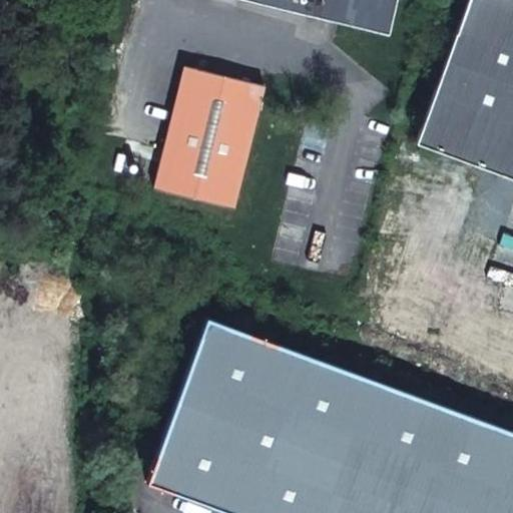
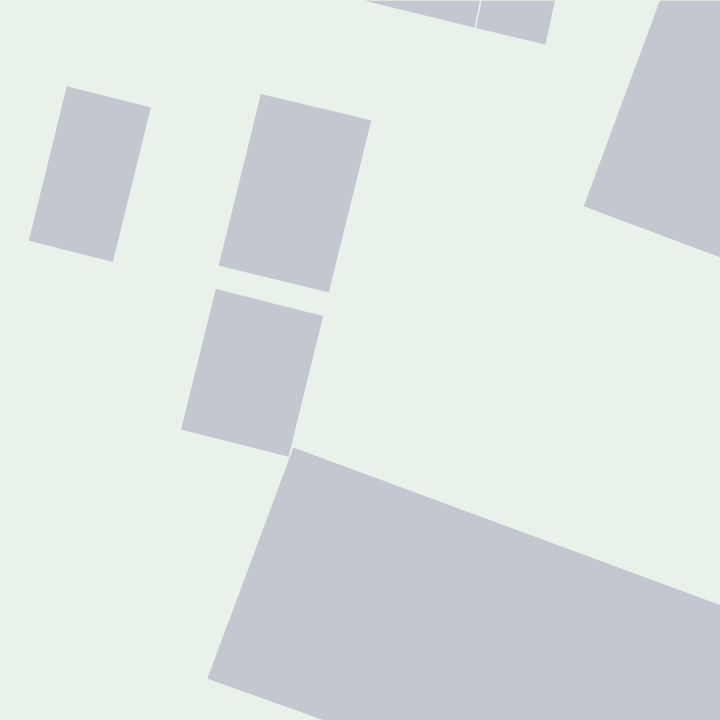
building: none -> [28,85,152,263]
building: none -> [181,288,324,457]

